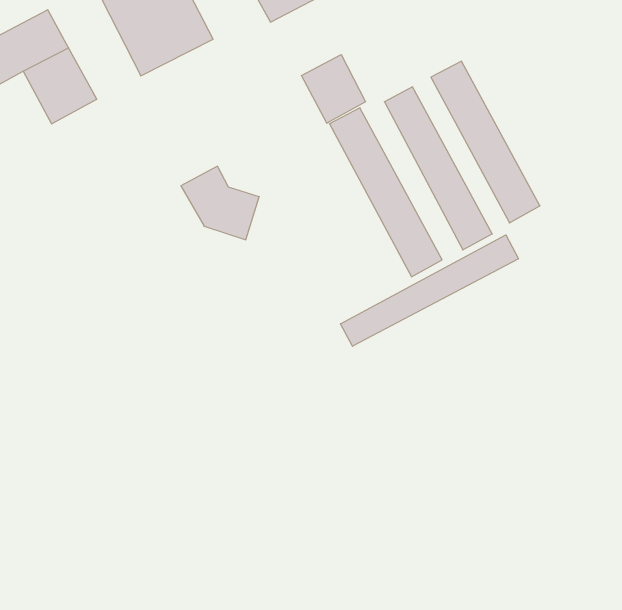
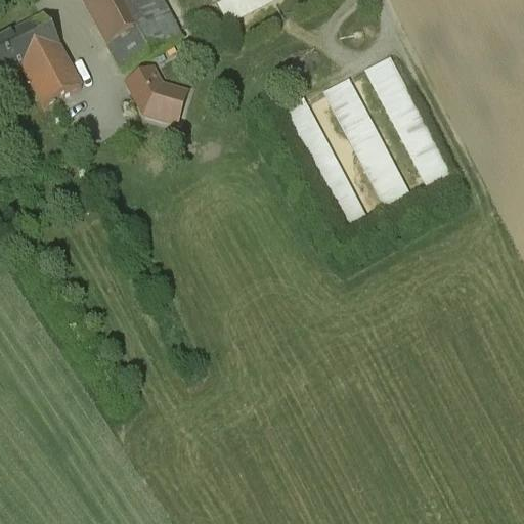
building: [301,55,366,123] -> none
building: [181,166,259,240] -> [121,58,186,120]
building: [340,235,518,346] -> none

